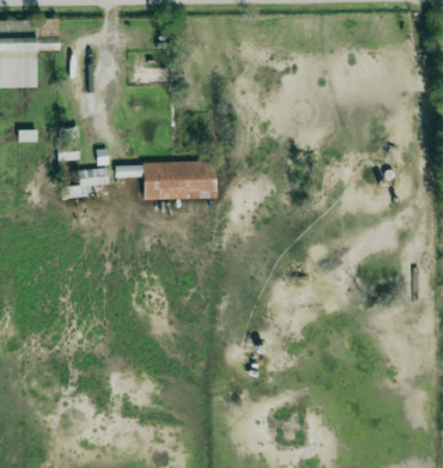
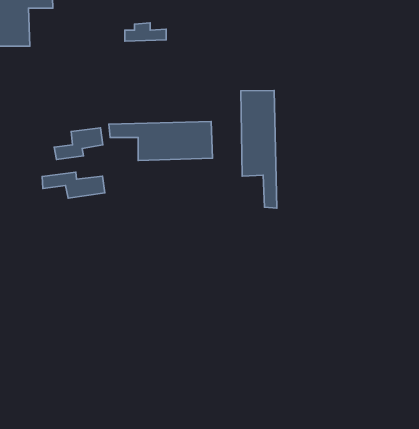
building: none -> [241,90,277,208]
building: none -> [42,172,105,198]

